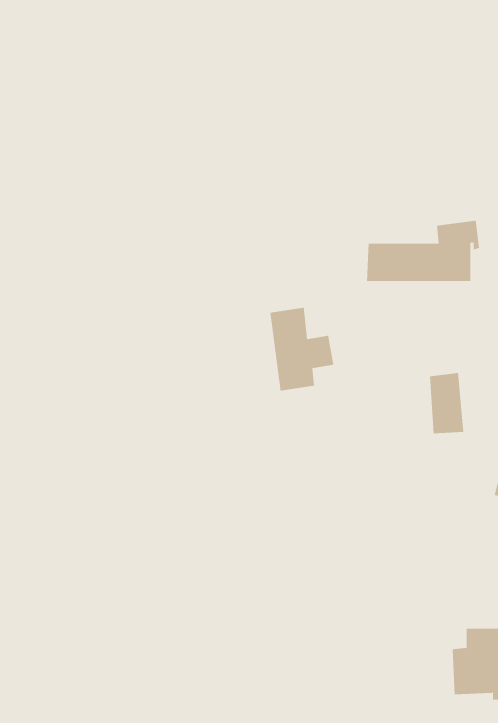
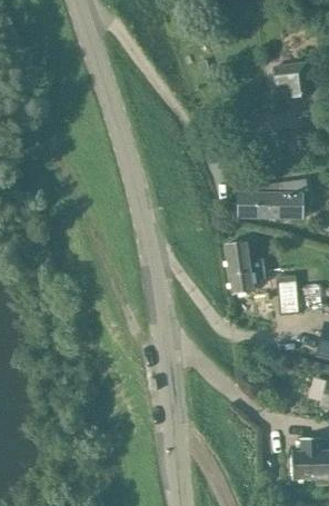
building: none -> [275,61,310,96]
building: [269,307,334,391] -> [225,240,266,294]

